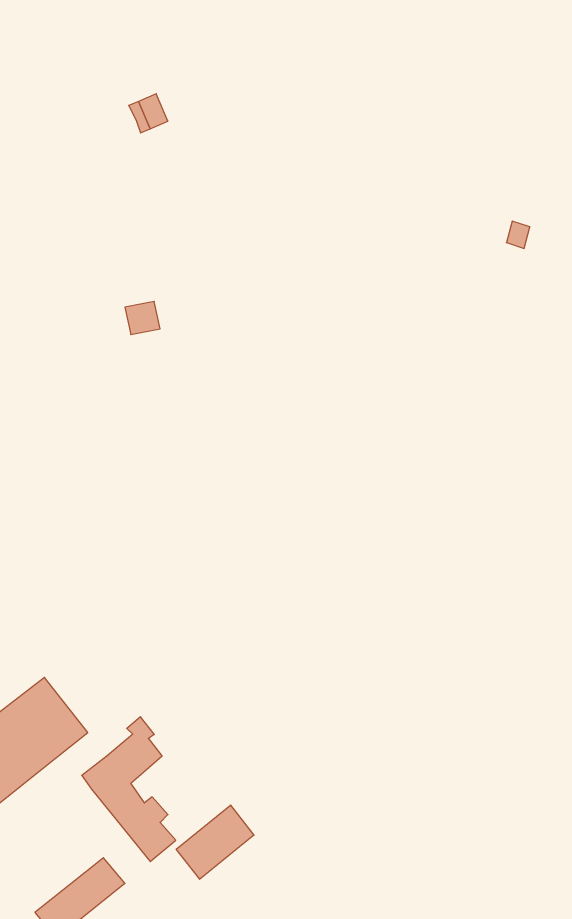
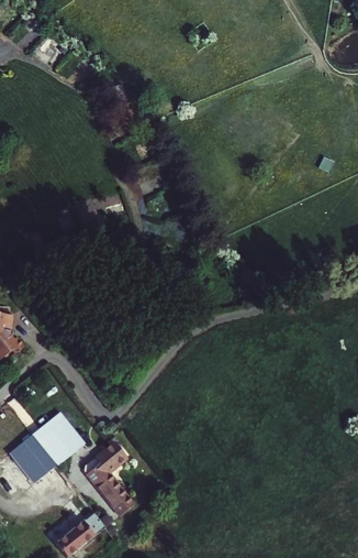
building: [176,805,254,879] -> none

